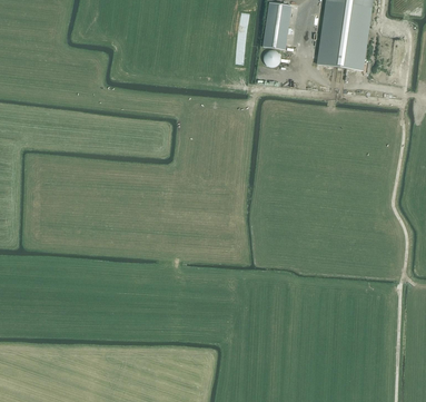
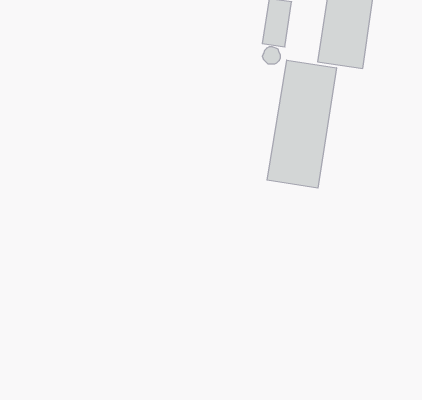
building: none -> [267,60,336,188]

